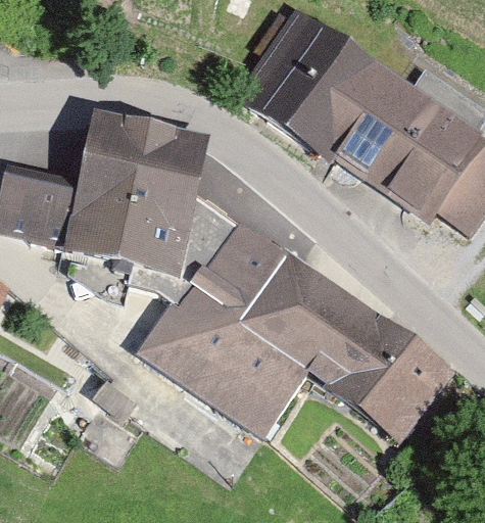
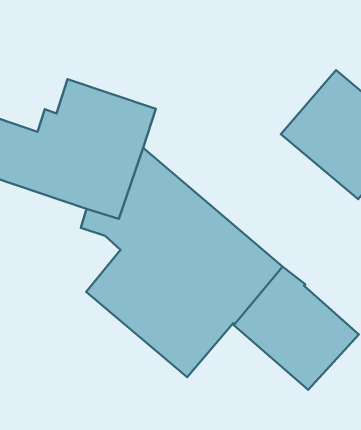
building: [252,28,388,159] -> none

